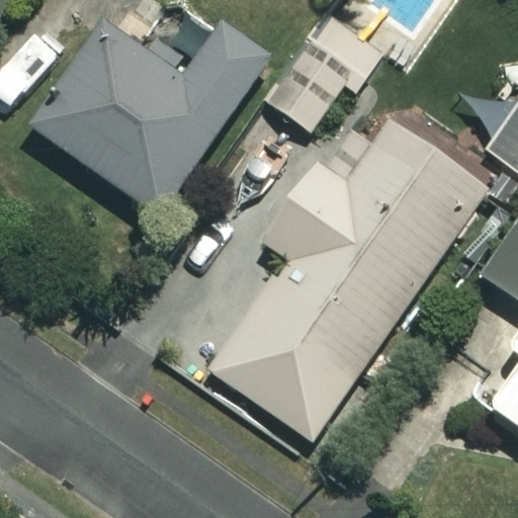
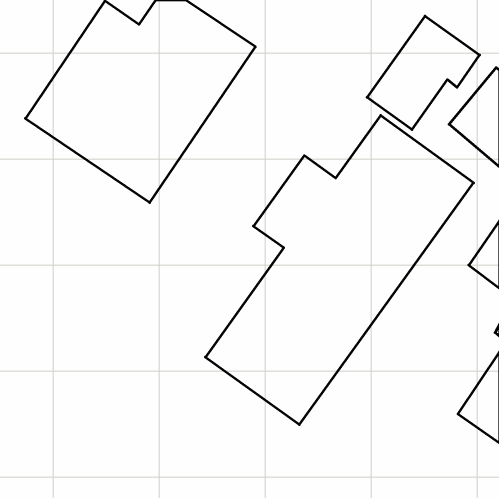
building: [267,18,383,136] -> [367,16,480,130]

